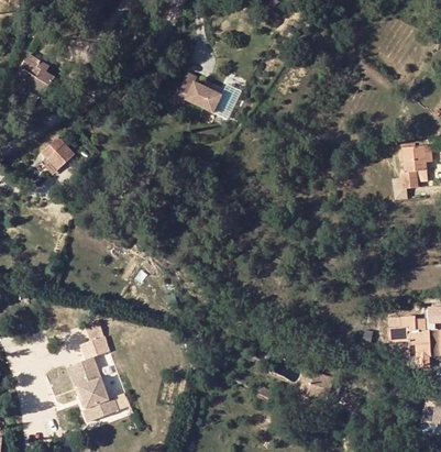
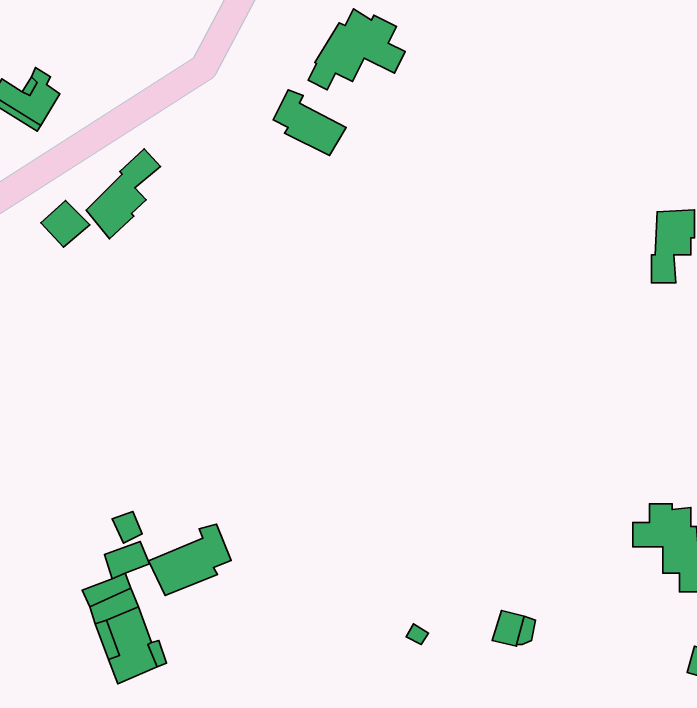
building: none -> [308,9,405,90]
building: none -> [86,149,161,239]
building: none -> [148,524,231,595]

